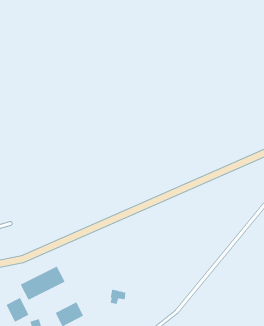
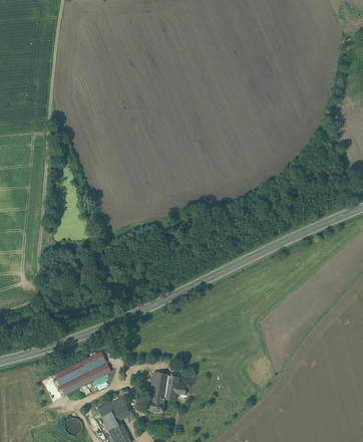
building: none -> [146,379,167,413]
building: [6,297,29,323] -> none

